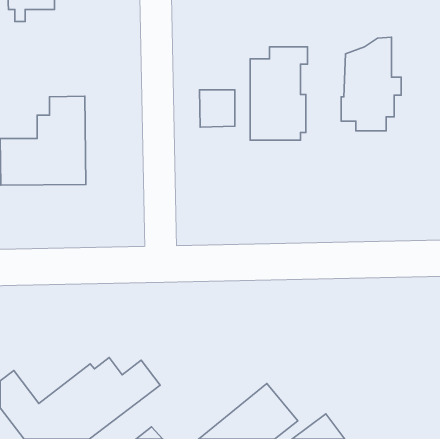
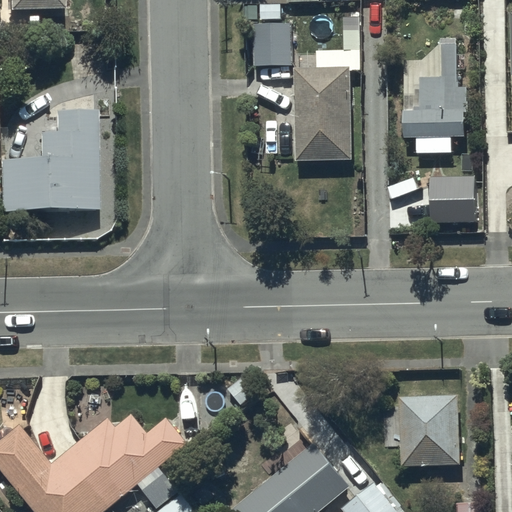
building: [199,90,235,127] -> [251,25,292,68]
building: none -> [429,182,478,223]
building: none -> [395,394,457,468]

